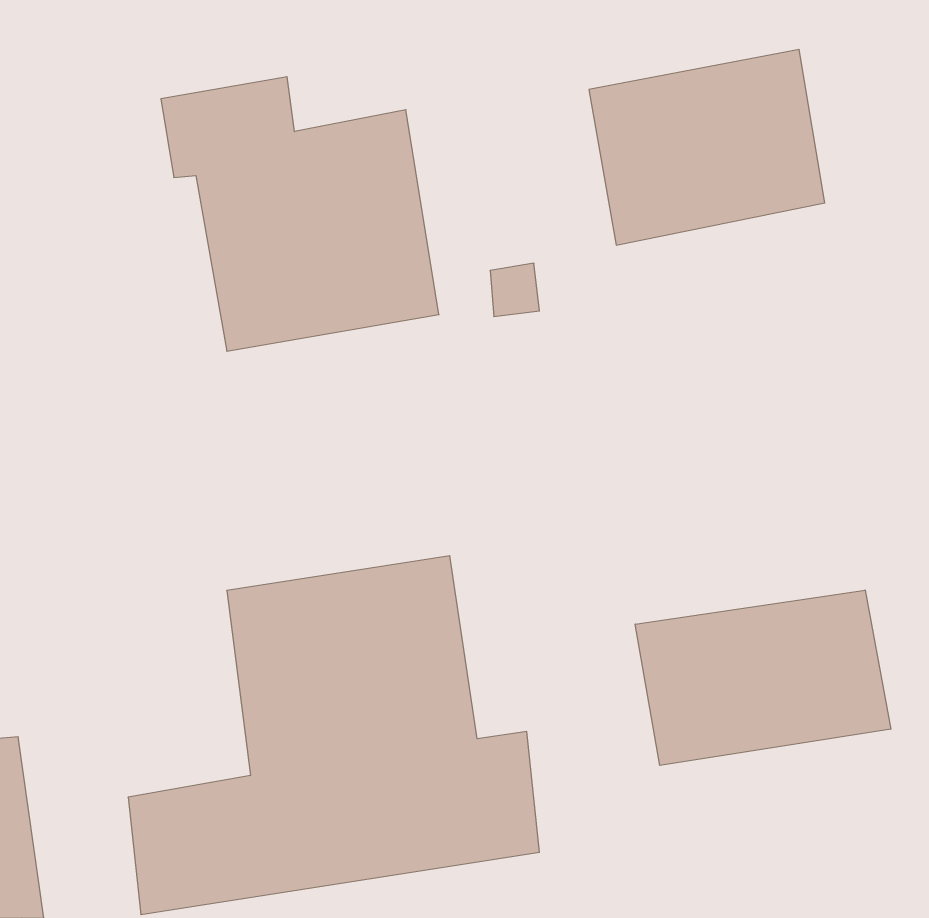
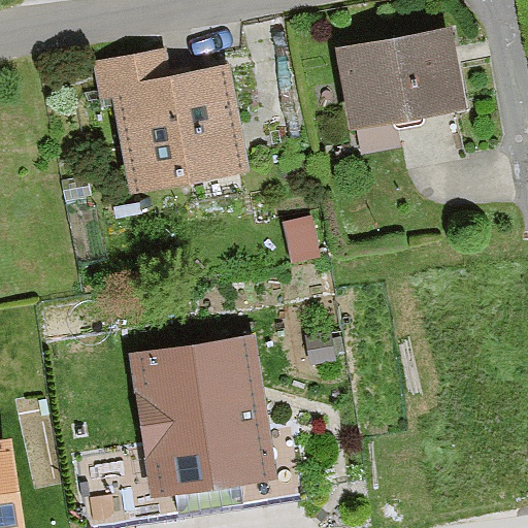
building: [635,590,891,765] -> none

